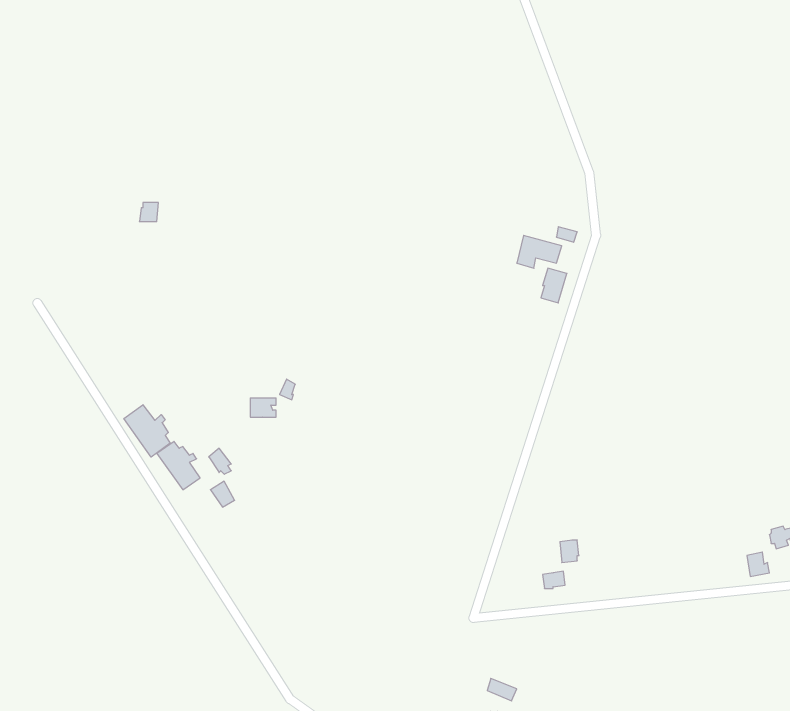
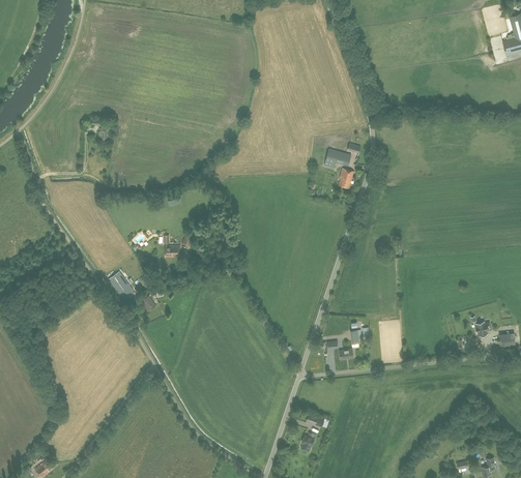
building: [124,405,170,457] -> none

